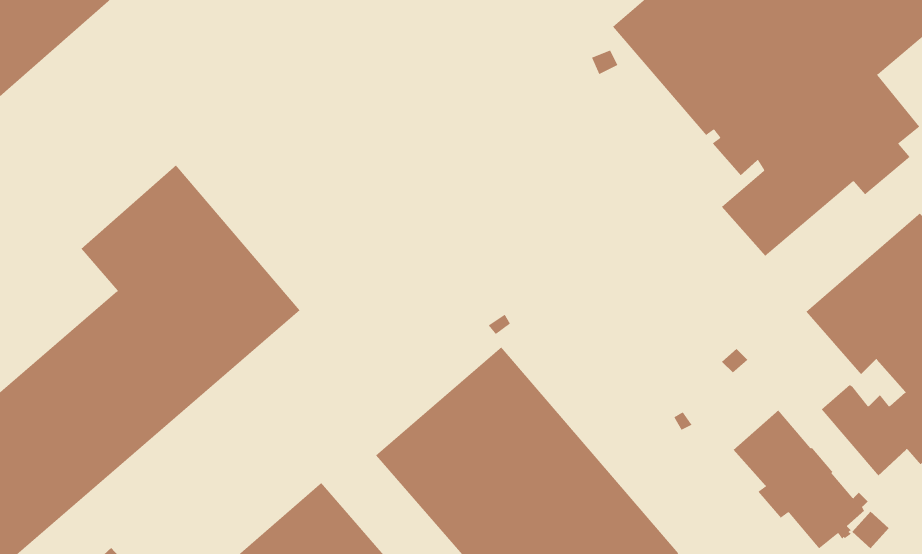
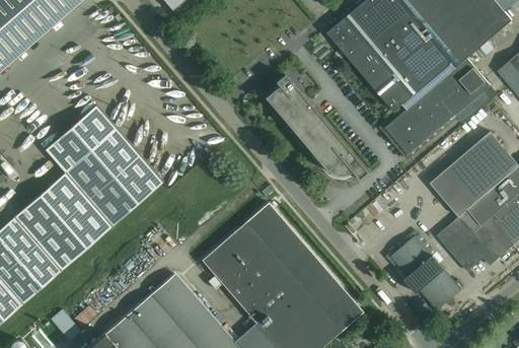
building: none -> [265,74,367,180]

